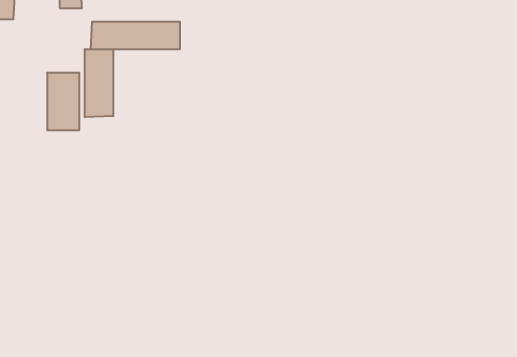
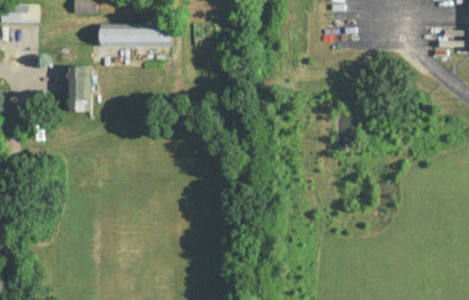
building: [85,49,113,117] -> none

